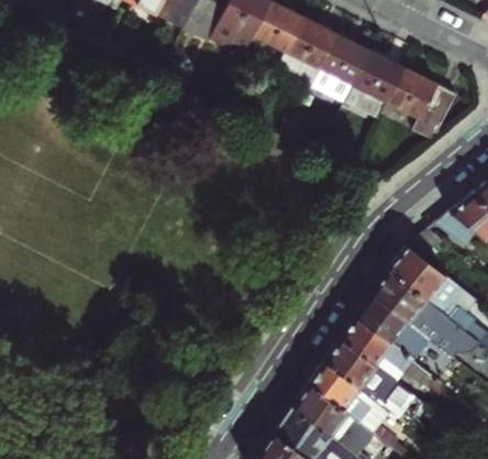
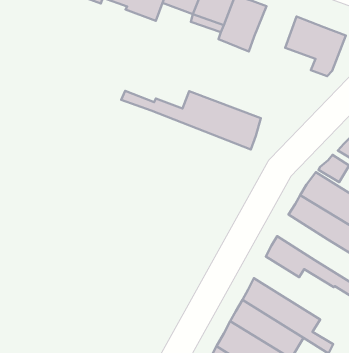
building: [355,52,406,101] -> none
building: none -> [121,91,261,150]
building: [357,292,414,347] -> none
building: [325,337,425,425] -> none

